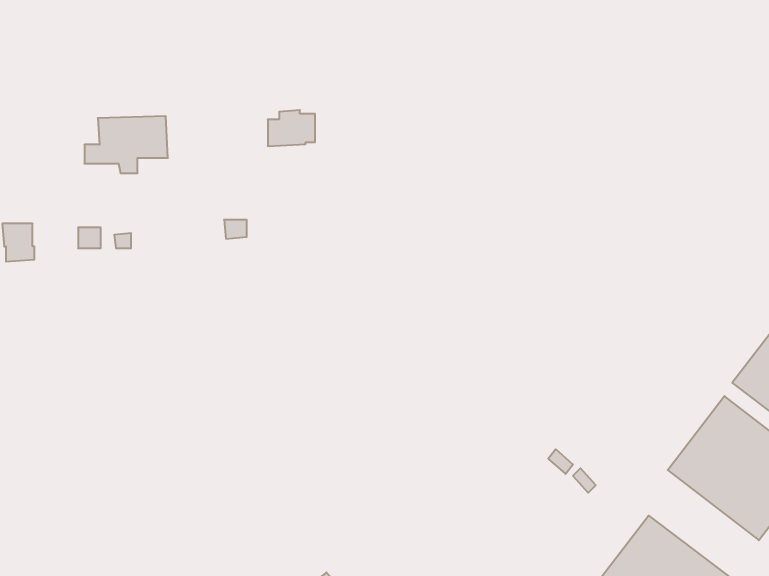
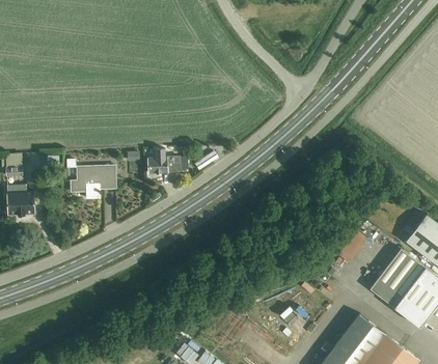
building: [268,110,315,146] -> [148,152,174,172]
building: [84,116,168,173] -> [71,165,116,196]
building: none -> [8,183,35,213]

